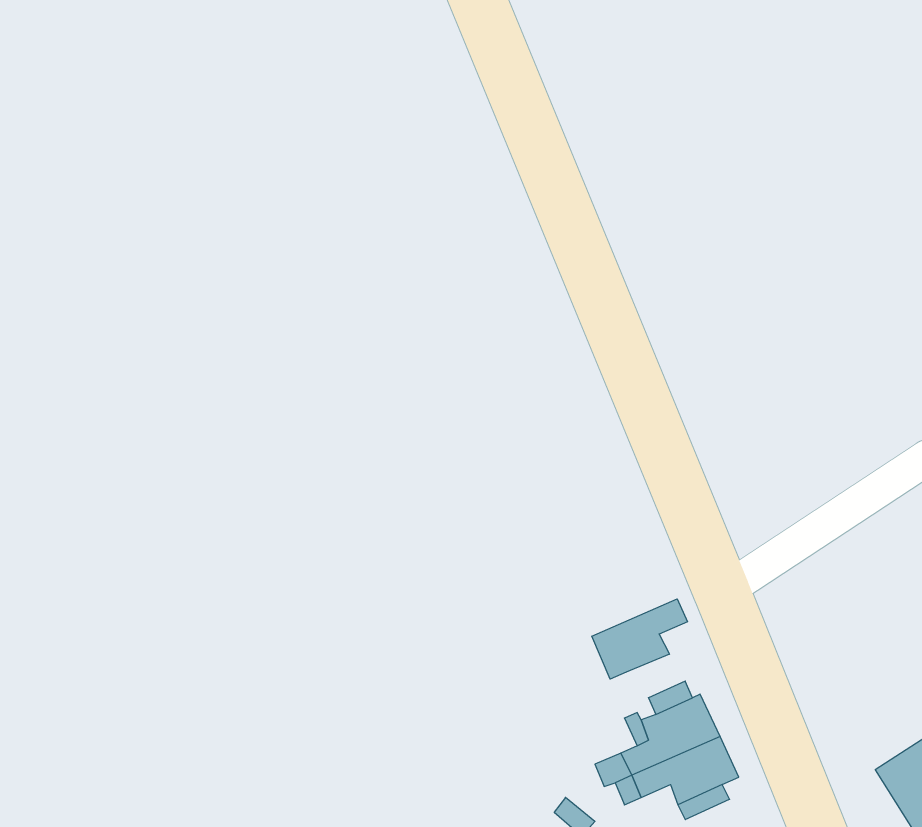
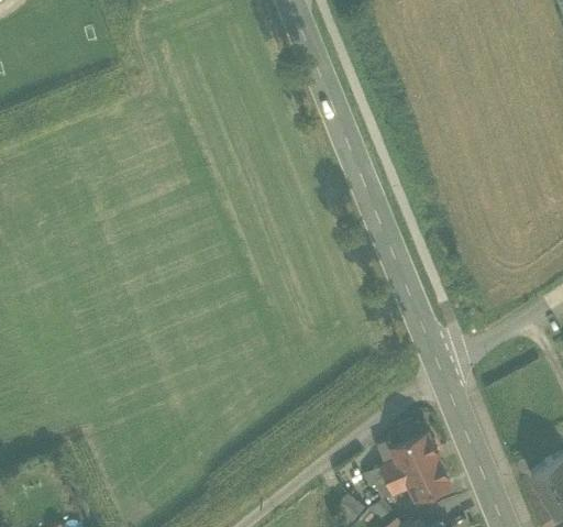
building: [592,599,688,679] -> none

